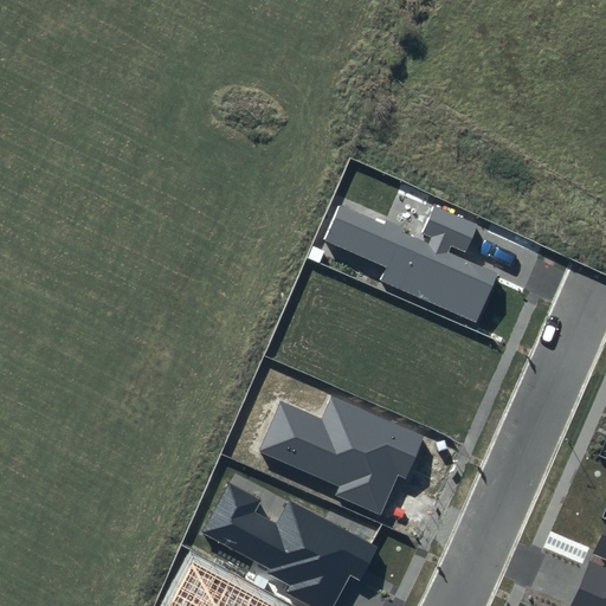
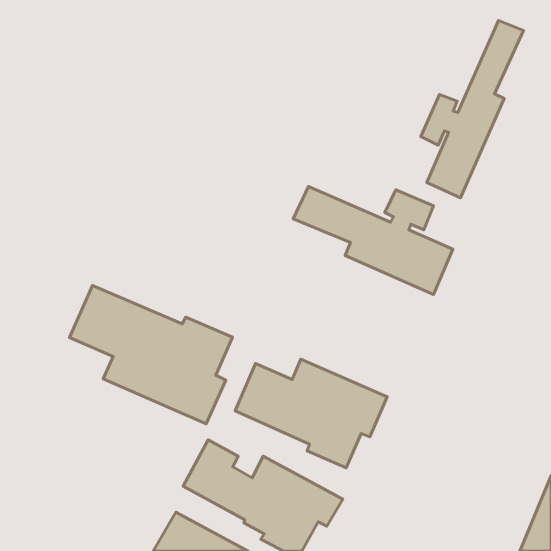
building: none -> [421,21,523,198]
building: none -> [69,285,232,424]

